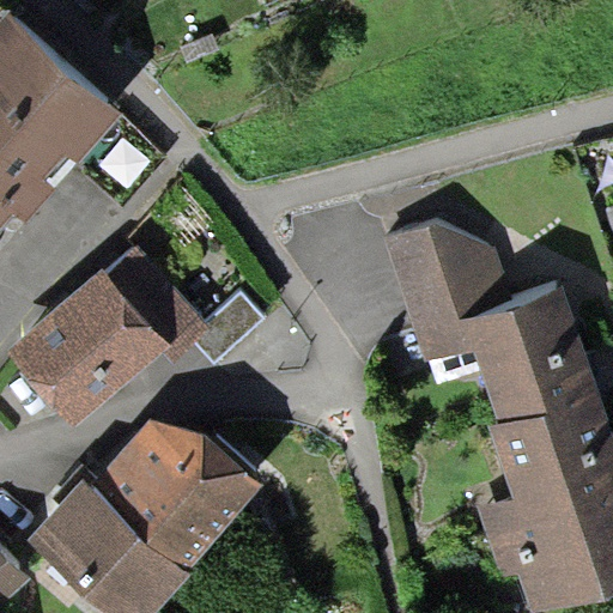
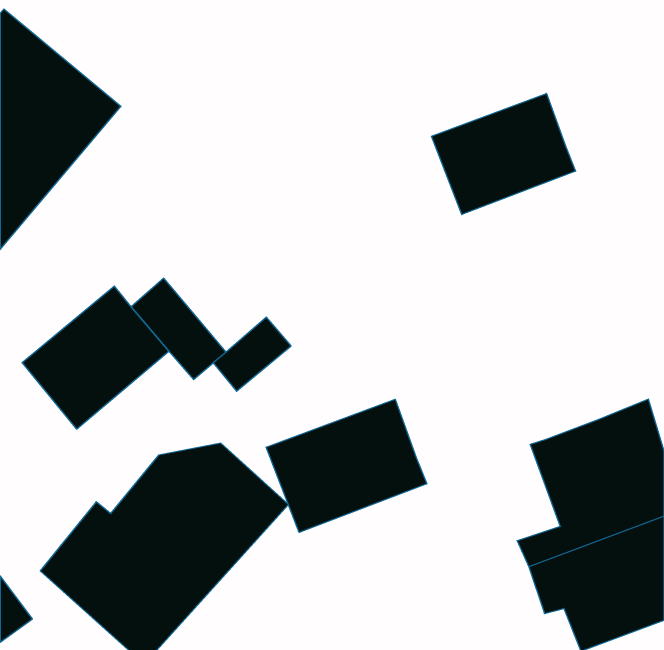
building: none -> [432,93,576,215]
building: [384,223,597,418] -> none
building: none -> [266,399,427,532]

